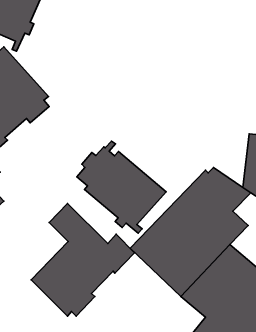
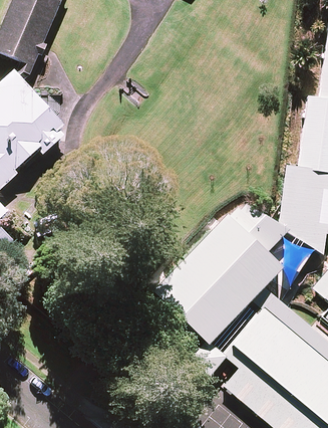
building: [77,141,166,233] -> none
building: [31,204,135,316] -> none

